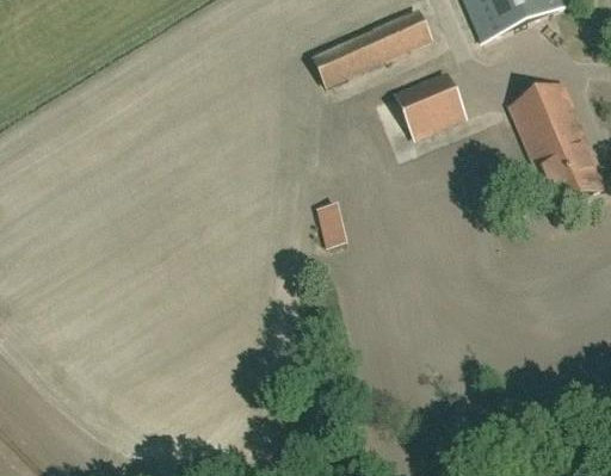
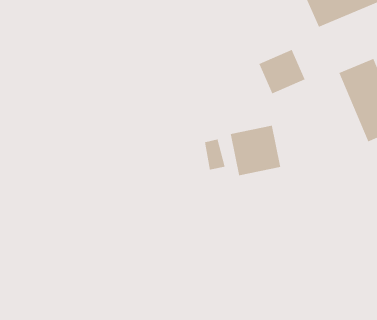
building: [309,7,433,89] -> none
building: none -> [230,125,281,176]

